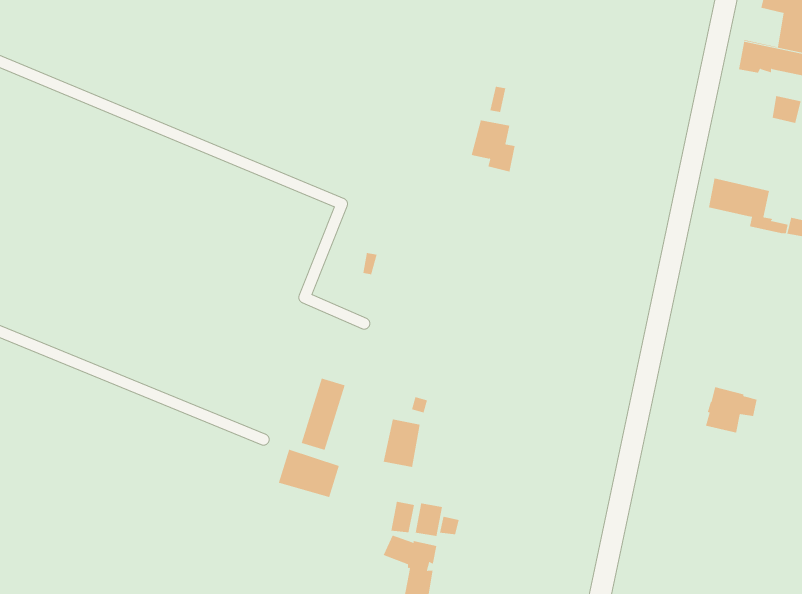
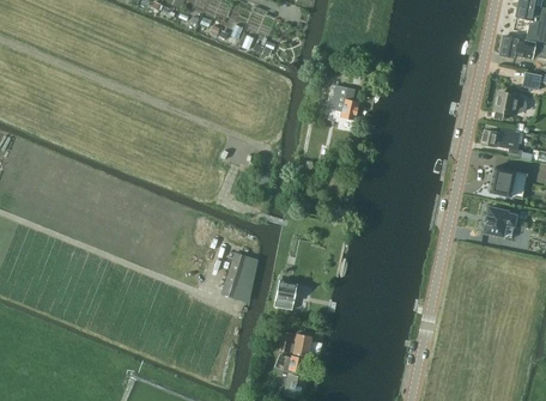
building: none -> [495,93,527,121]
building: none -> [490,168,528,200]
building: [705,387,757,433] -> [484,207,517,237]
building: [278,449,339,498] -> none

